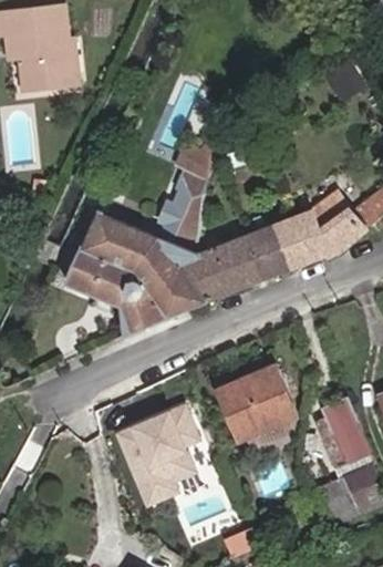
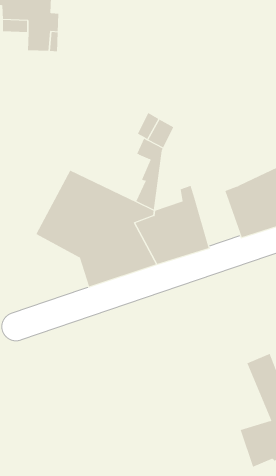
building: [158,186,190,238] -> none
building: [245,218,300,284] -> none
building: [213,372,289,445] -> none
building: [118,411,199,508] -> none

